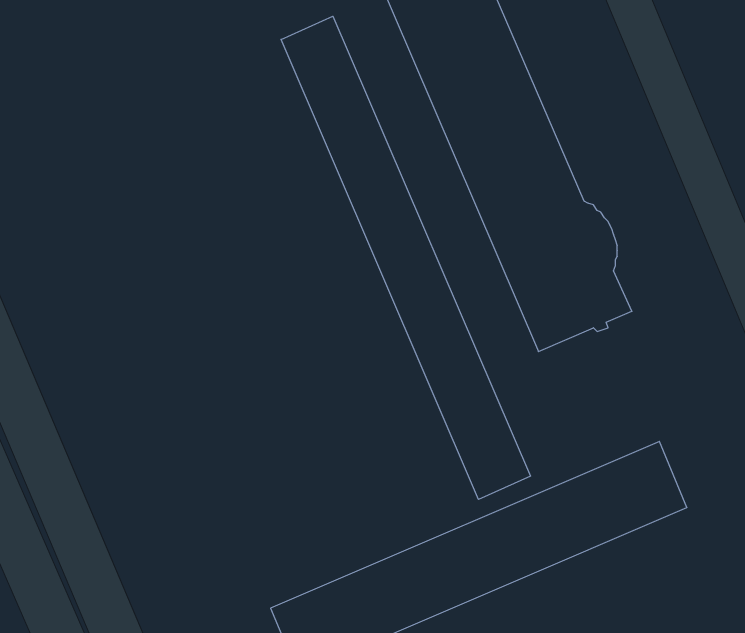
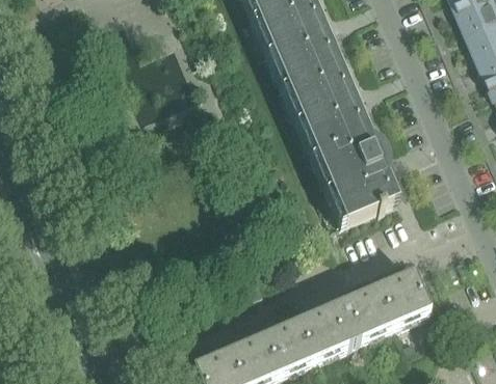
building: [281,16,530,499] -> none

